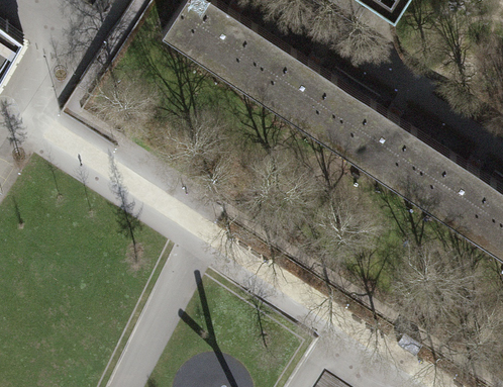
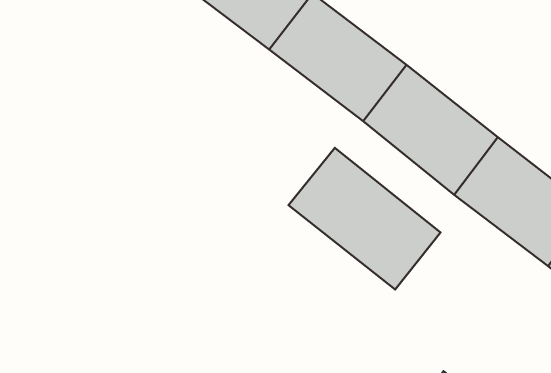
building: none -> [289,148,441,290]

